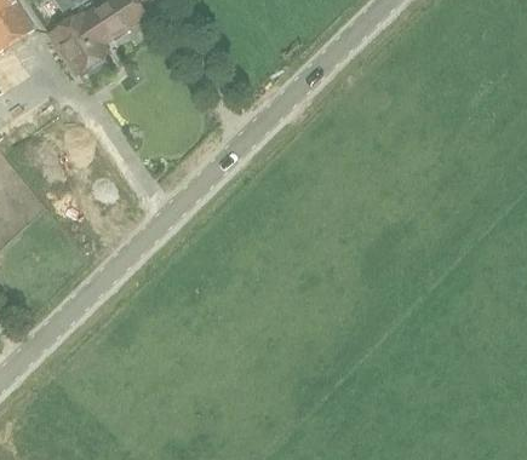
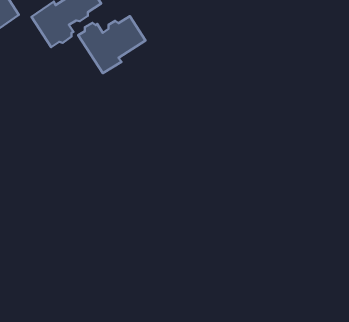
building: none -> [78,16,146,73]

